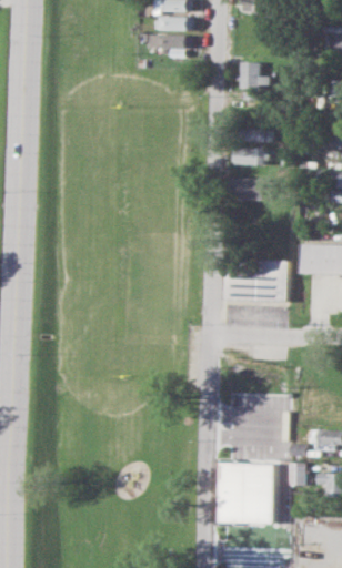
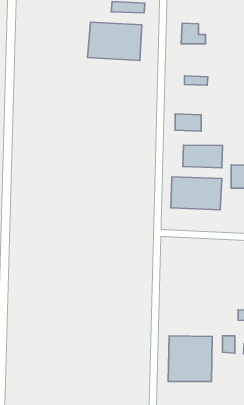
building: none -> [88,22,142,60]
building: [228,148,264,166] -> none
building: none -> [183,145,222,168]

